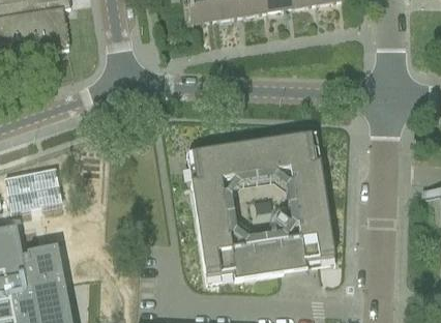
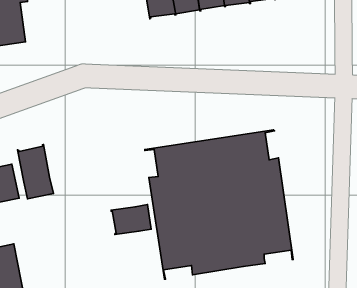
building: none -> [17,145,53,199]
building: none -> [111,205,151,235]

